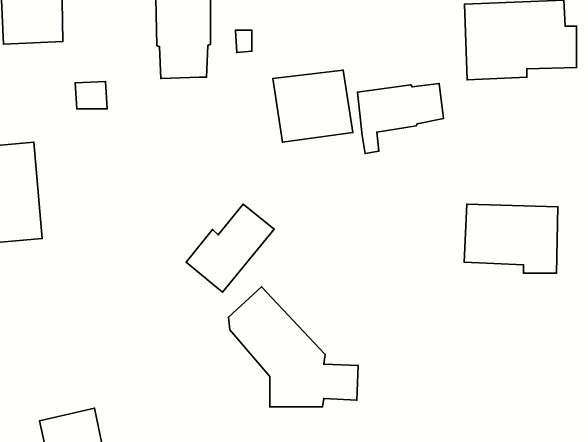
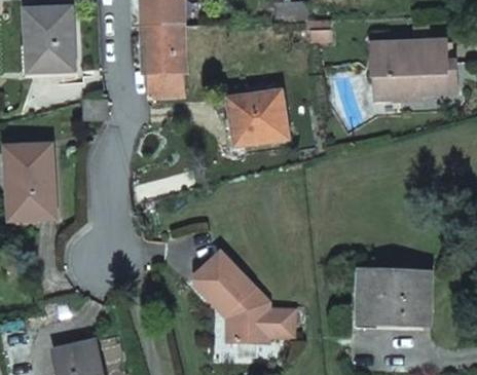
building: [357,84,444,153] -> none
building: [186,204,274,292] -> none
building: [464,204,558,273] -> [359,270,429,322]

